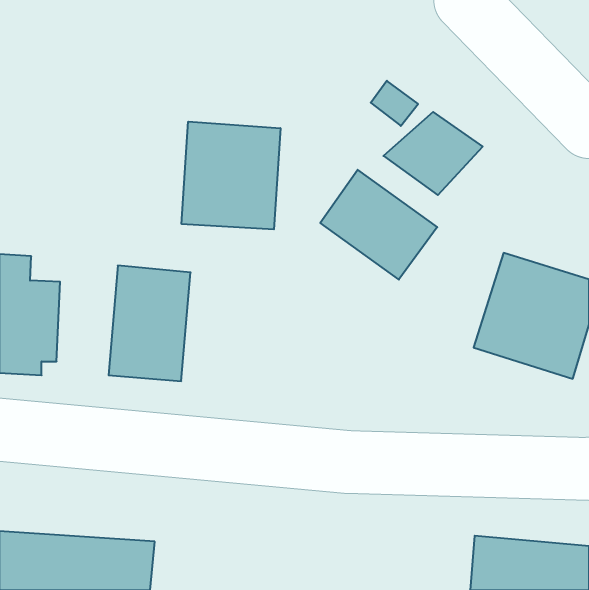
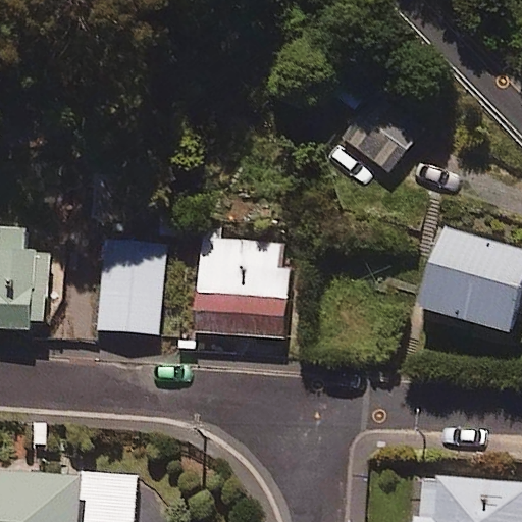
building: [182,122,280,229] -> none
building: [320,170,437,280] -> none
building: none -> [192,237,291,340]

